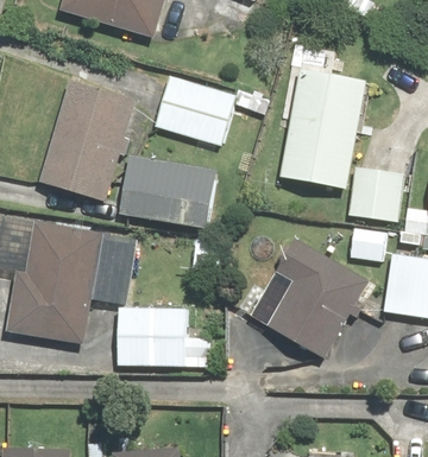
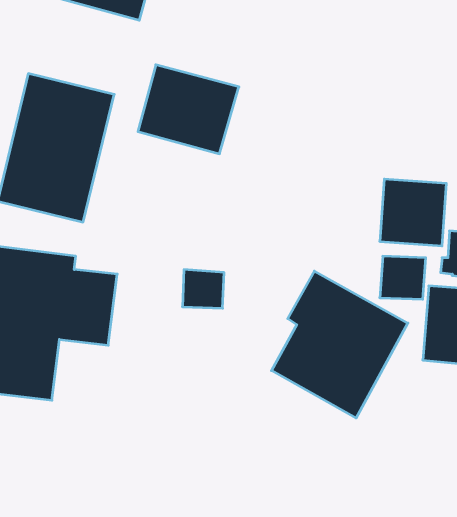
building: [282,65,365,188] -> none
building: [117,153,215,228] -> none
building: [111,300,219,373] -> none

